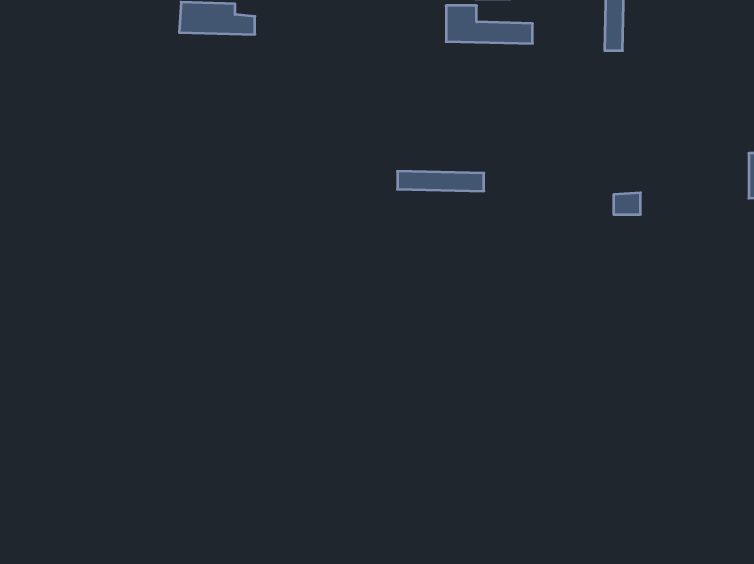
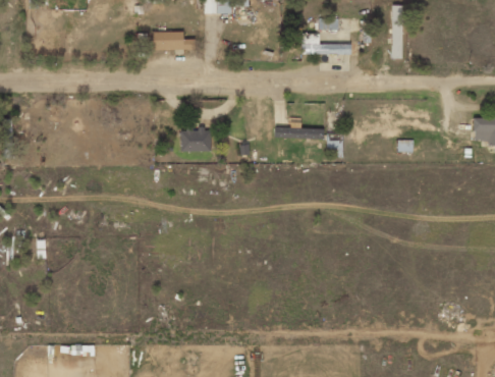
building: none -> [181,128,211,151]

